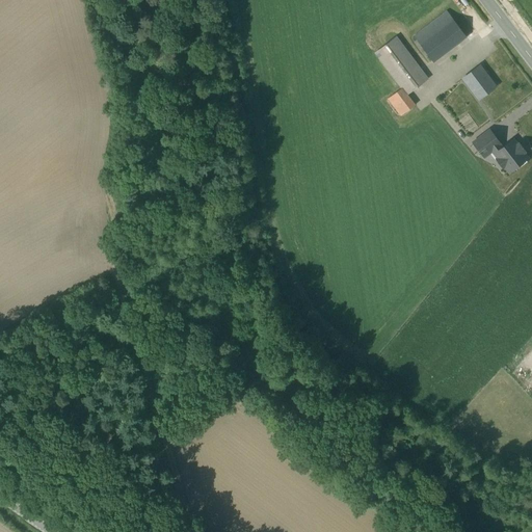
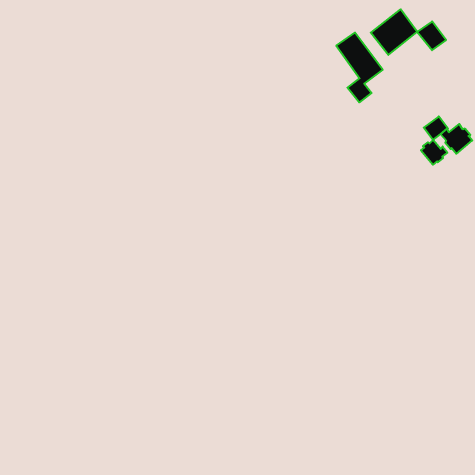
building: [463,65,496,98] -> [417,21,446,50]
building: none -> [421,140,447,165]

